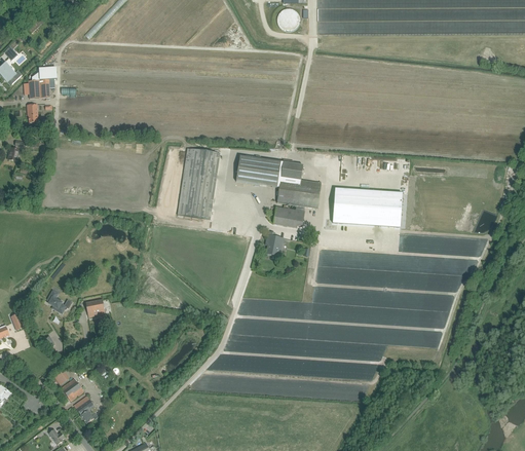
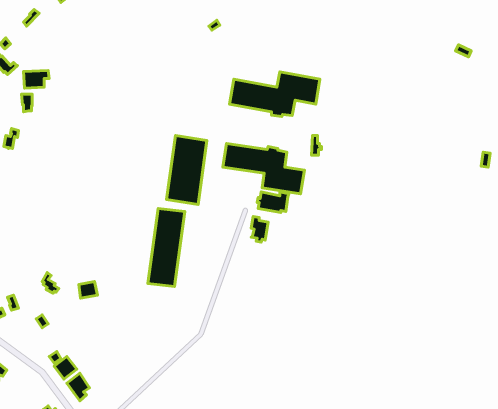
building: none -> [230,72,320,117]
building: [332,192,402,226] -> none
building: none -> [148,209,185,286]

